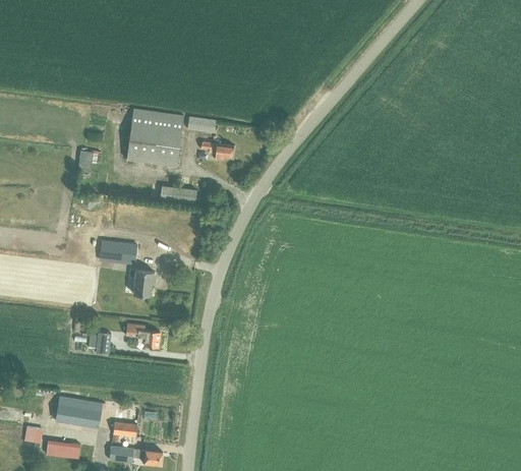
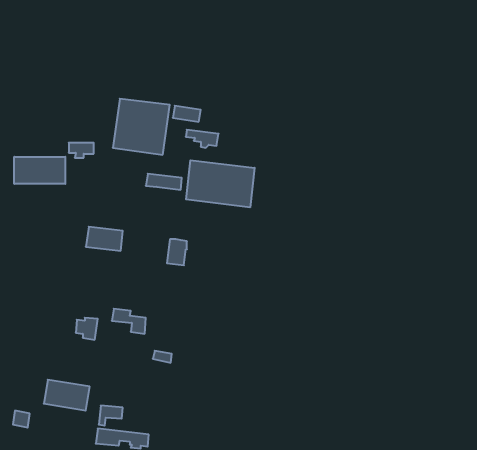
building: none -> [14,157,65,184]
building: none -> [186,160,255,207]
building: [133,270,154,296] -> [167,239,187,265]
building: [46,439,80,458] -> none

